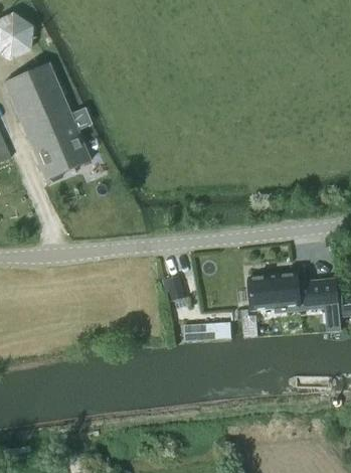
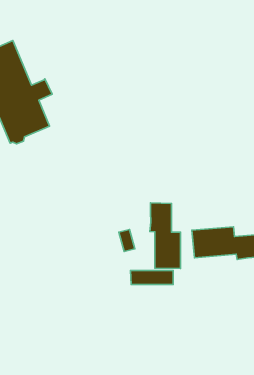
building: none -> [150,203,181,269]

